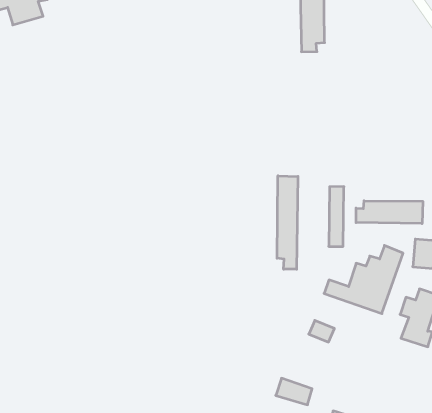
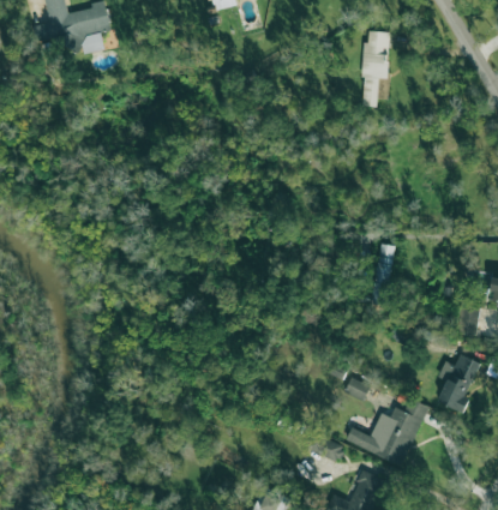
building: [277,176,298,269] -> none
building: [356,201,423,224] -> none
building: [324,245,403,314] -> [346,397,428,466]

